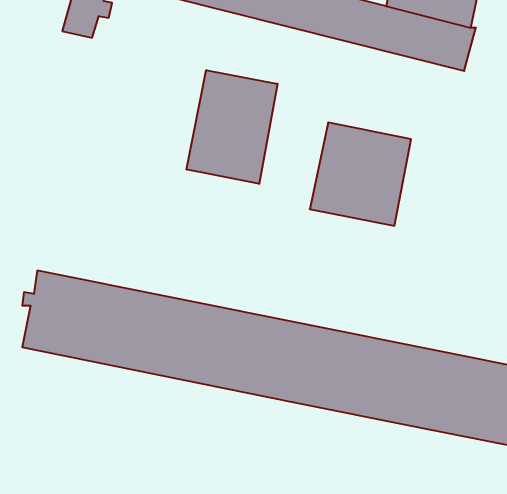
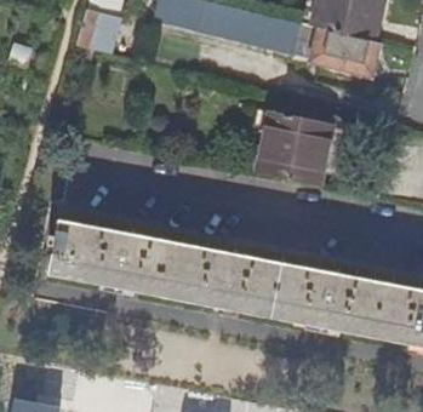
building: [187,70,278,184] -> none

